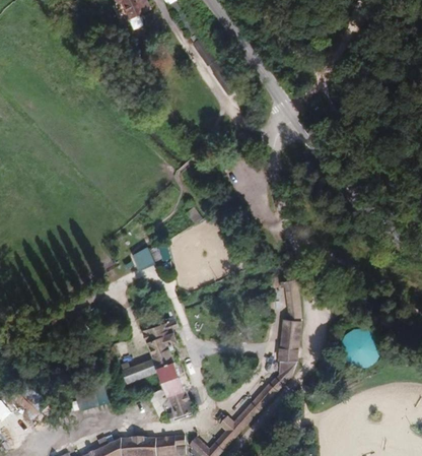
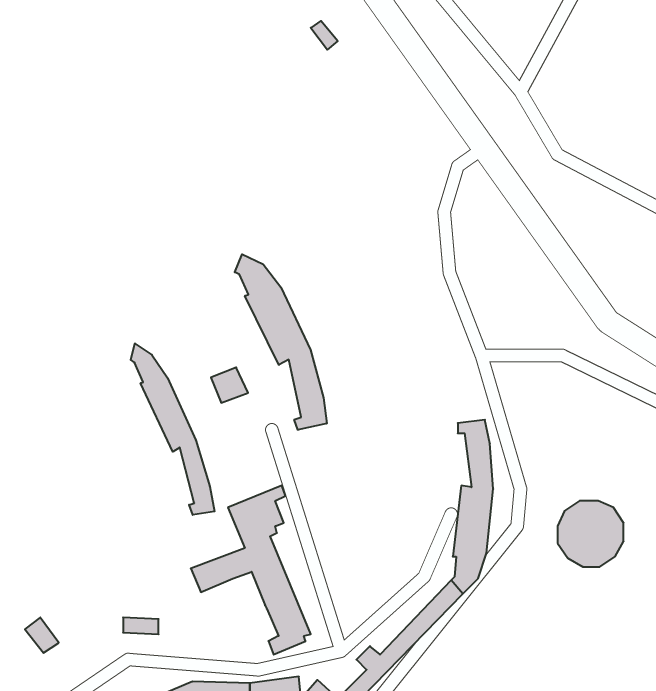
building: none -> [235,254,327,430]
building: none -> [131,343,215,515]

